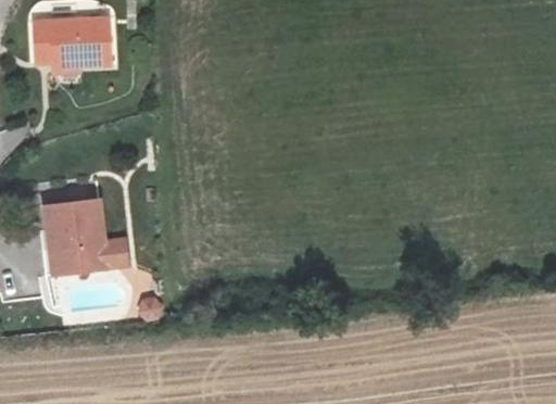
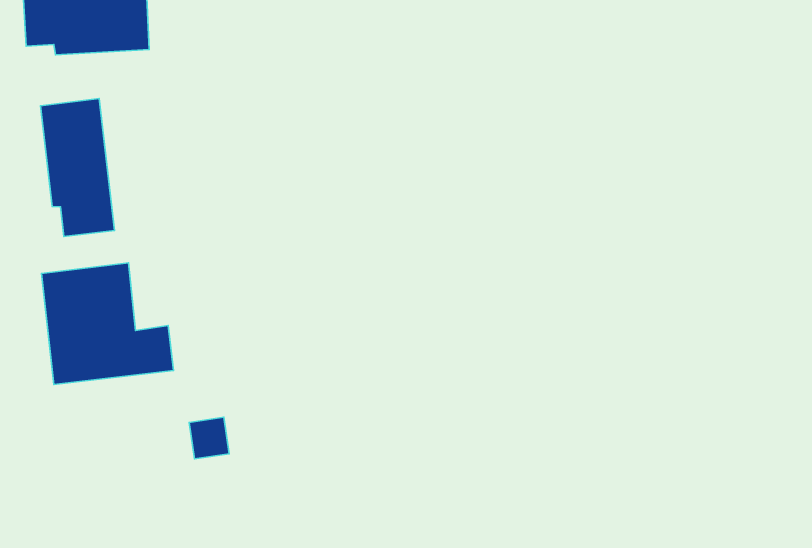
building: none -> [40,98,114,237]

